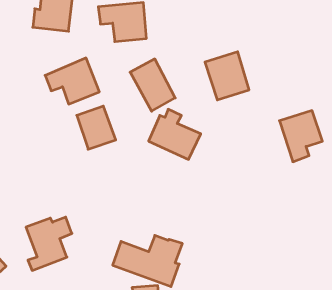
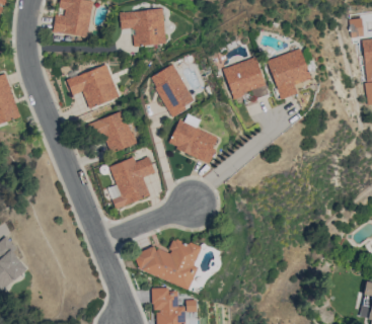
building: [279,111,322,162] -> [268,49,310,99]
building: [26,217,72,270] -> [109,156,155,209]

